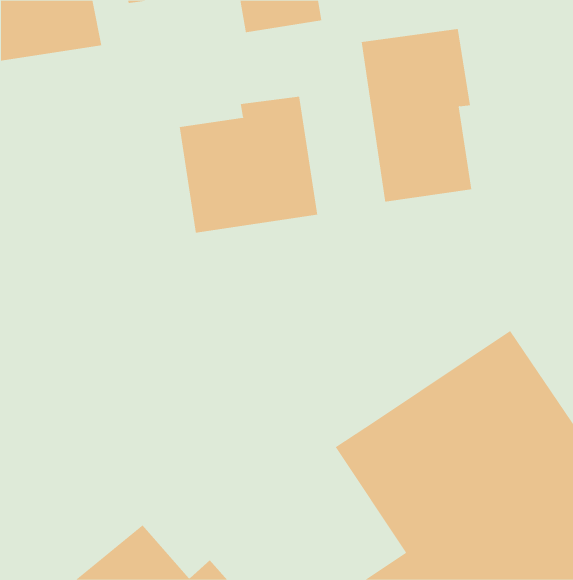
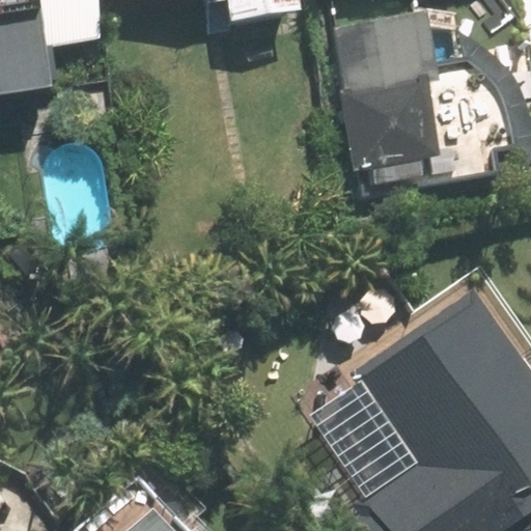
building: [179,96,318,233] -> none

